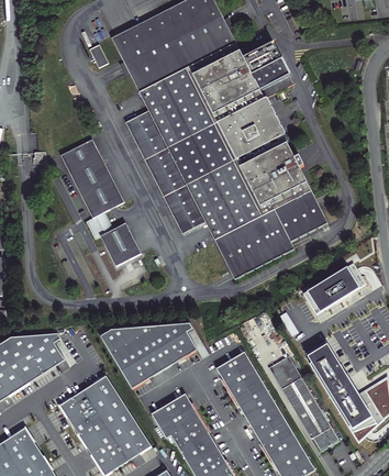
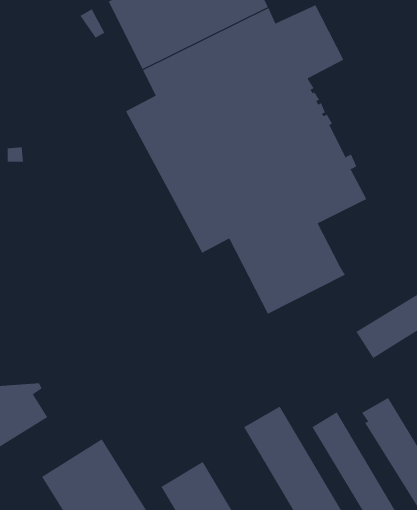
building: [60,140,142,266] -> none
building: [274,191,327,242] -> none
building: [100,320,197,388] -> none

